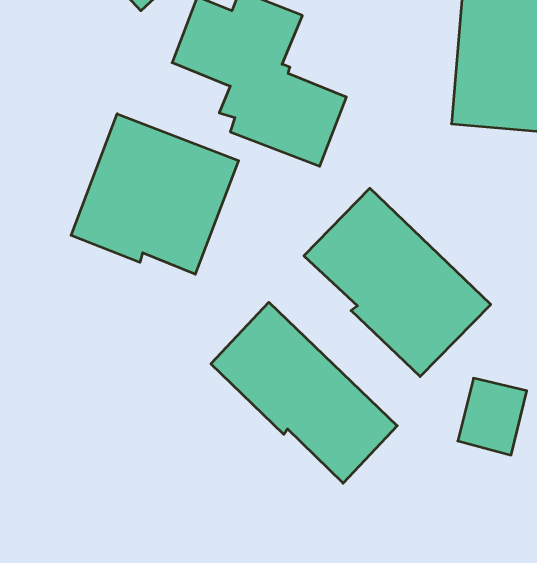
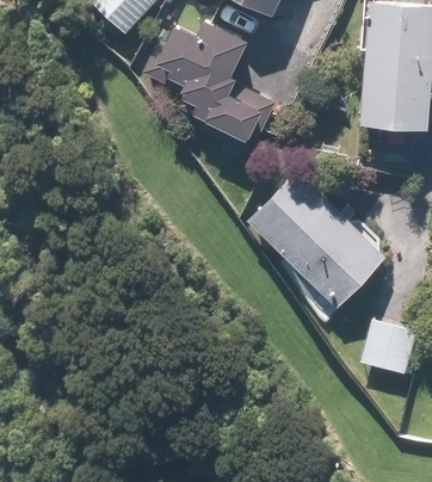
building: [71,114,239,274] -> none
building: [211,302,397,483] -> none

